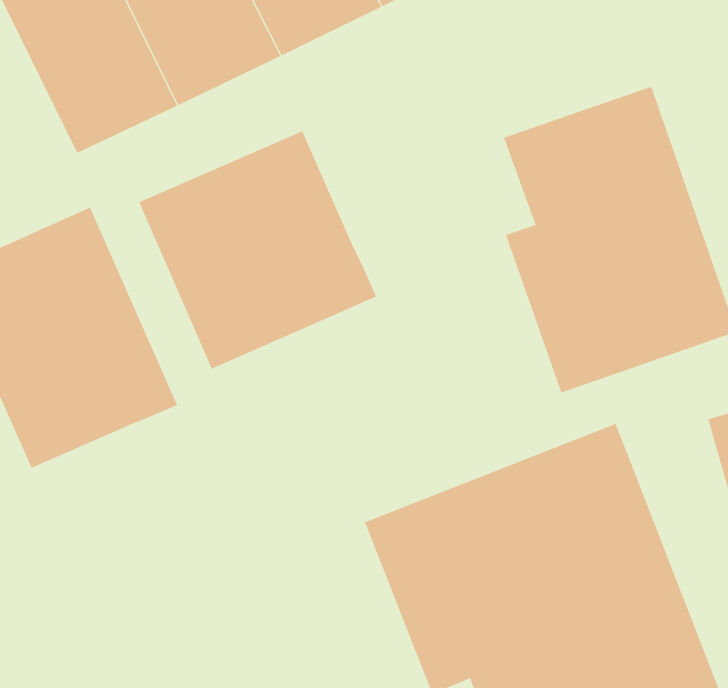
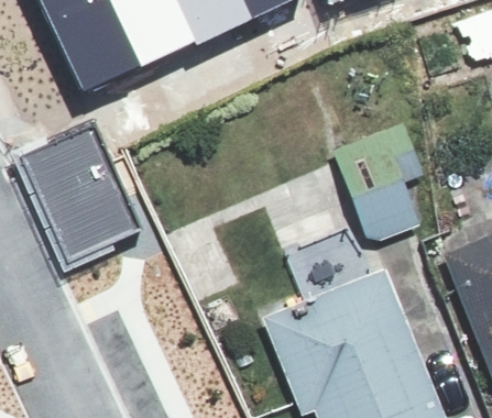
building: [139,131,377,369] -> none

